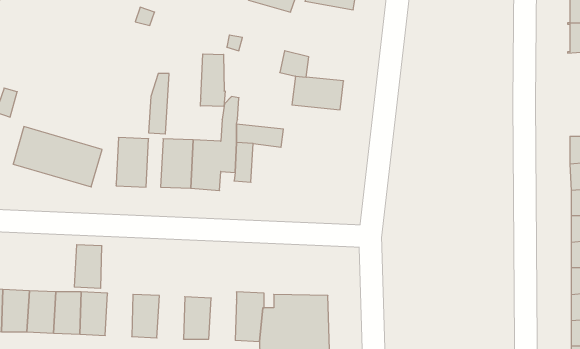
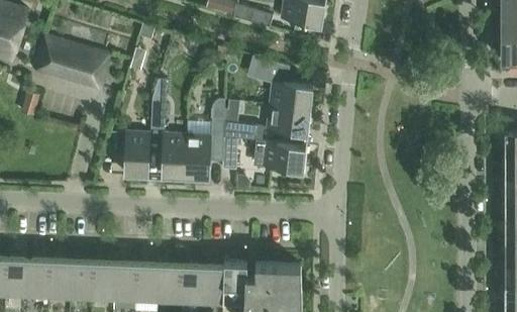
building: [200,54,225,107] -> none
building: none -> [267,106,310,134]
building: [13,127,102,187] -> [34,36,109,87]
building: none -> [263,142,306,172]
building: [74,245,102,288] -> [113,264,136,300]
building: none -> [157,266,180,302]
building: none -> [200,268,223,303]

